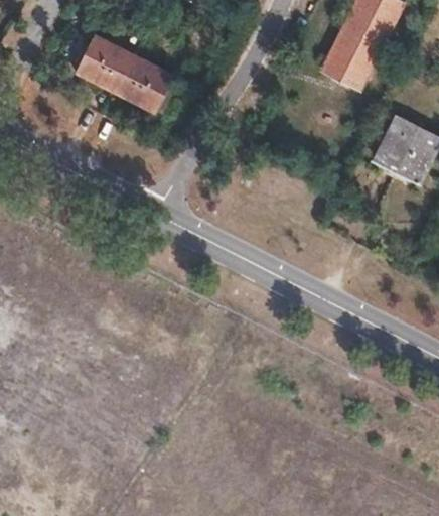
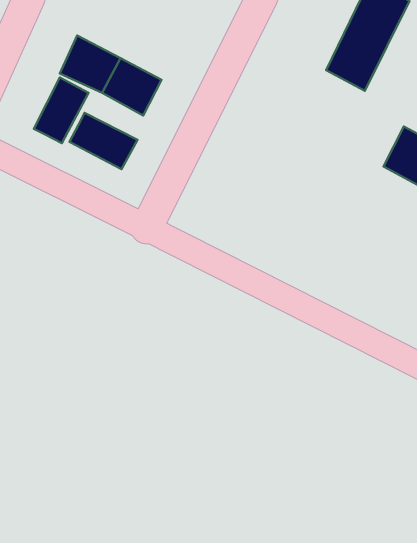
building: none -> [34,77,88,143]
building: none -> [70,113,137,169]

